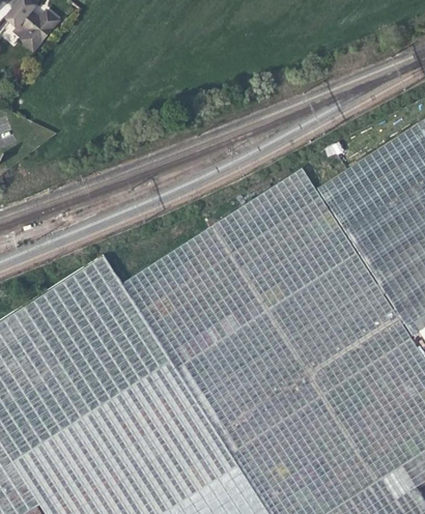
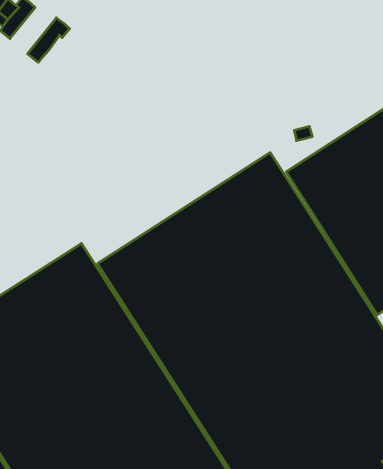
building: none -> [28,18,70,62]

